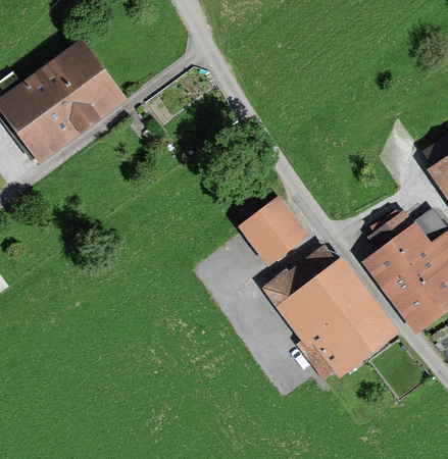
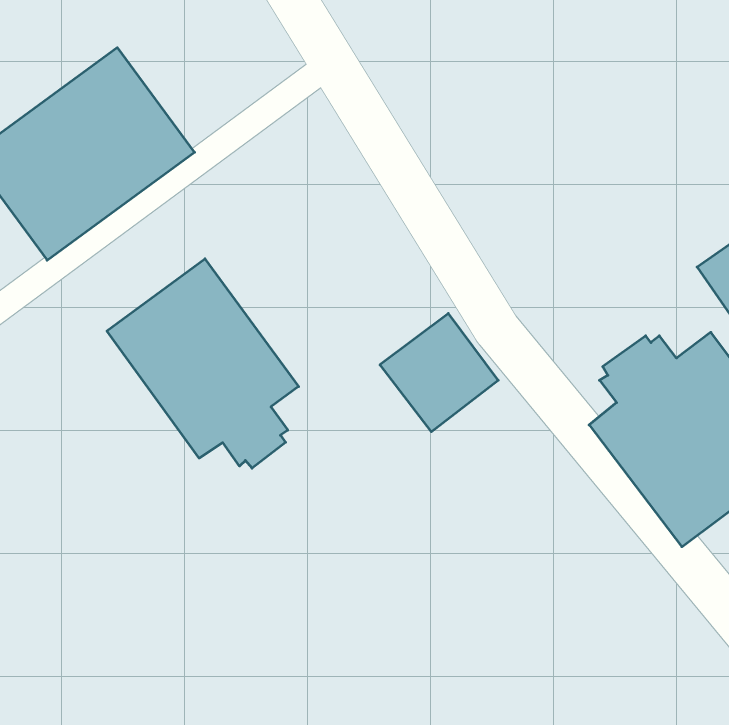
building: none -> [107,259,299,468]
building: [262,245,400,380] -> none

